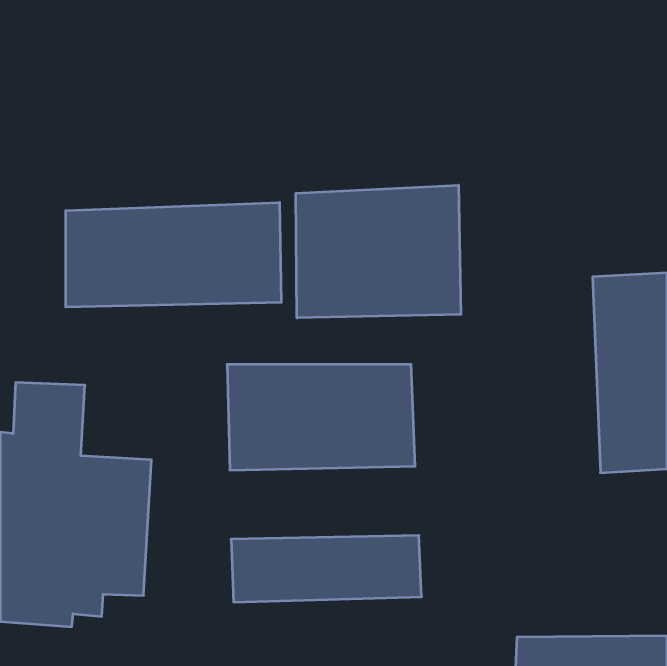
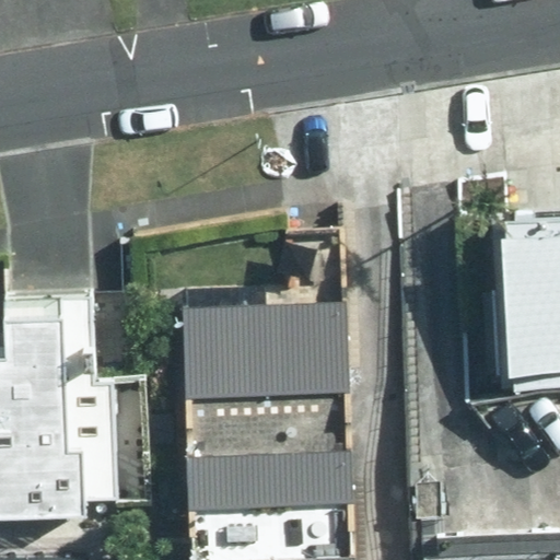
building: [296,185,461,318] -> none
building: [66,202,281,307] -> none

